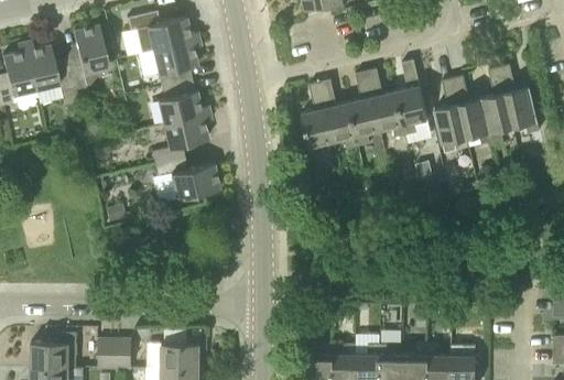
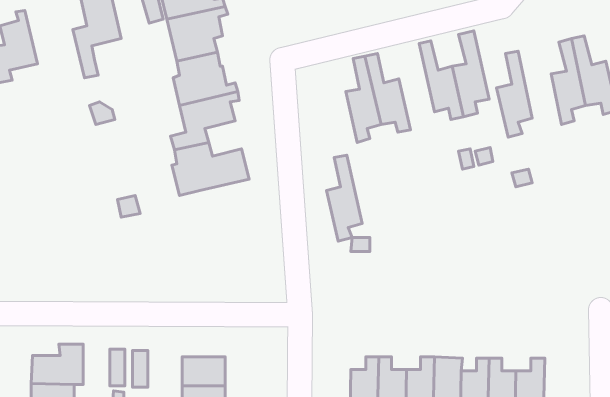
building: [24,41,76,105] -> none
building: [349,72,380,146] -> [327,155,362,241]
building: [453,76,490,144] -> none

